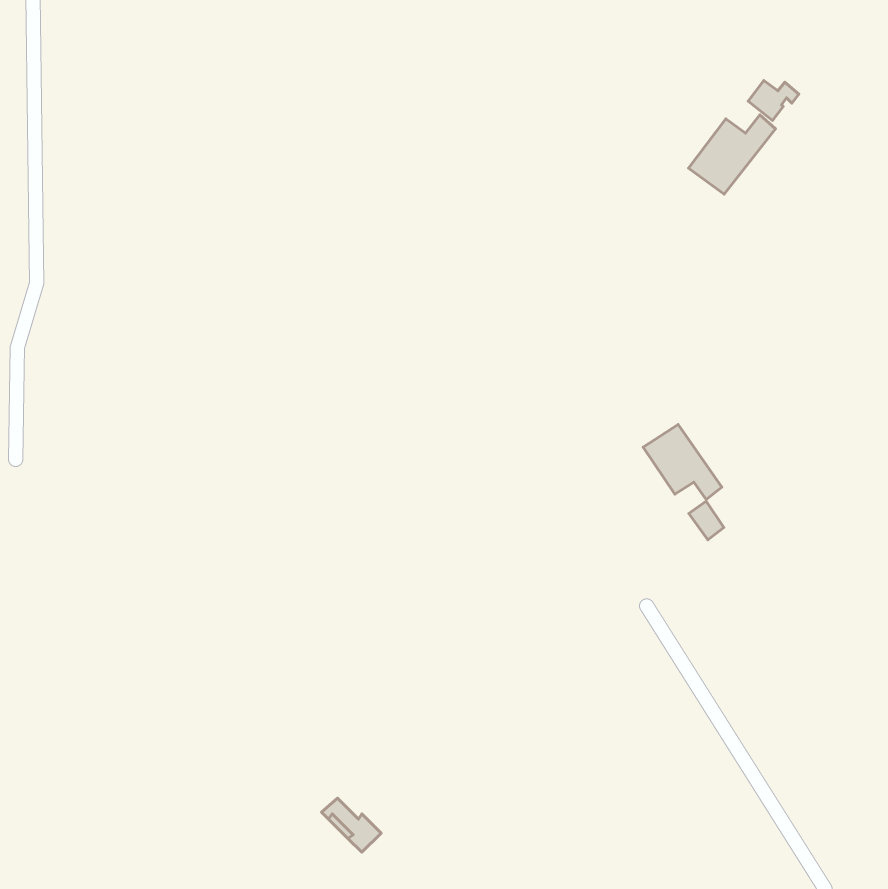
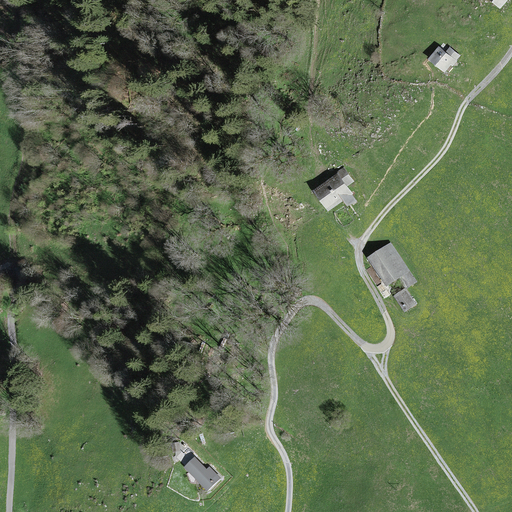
building: [689,115,776,194] -> none
building: none -> [316,167,353,206]

